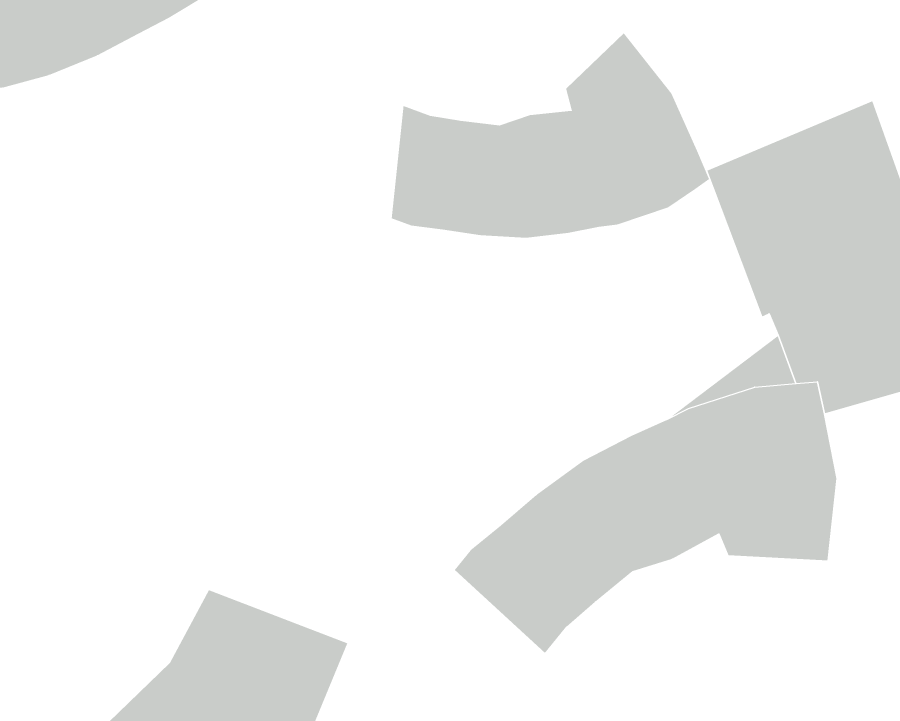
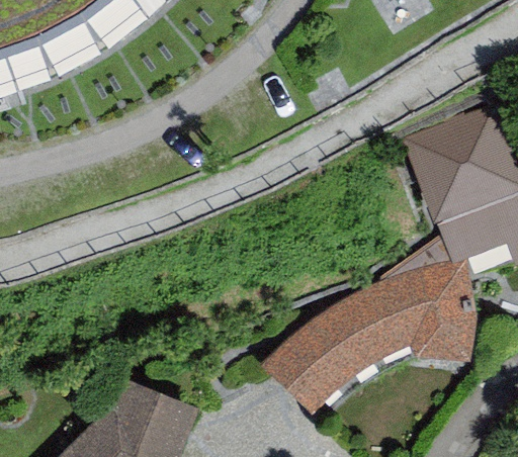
building: [391,33,710,239] -> none

